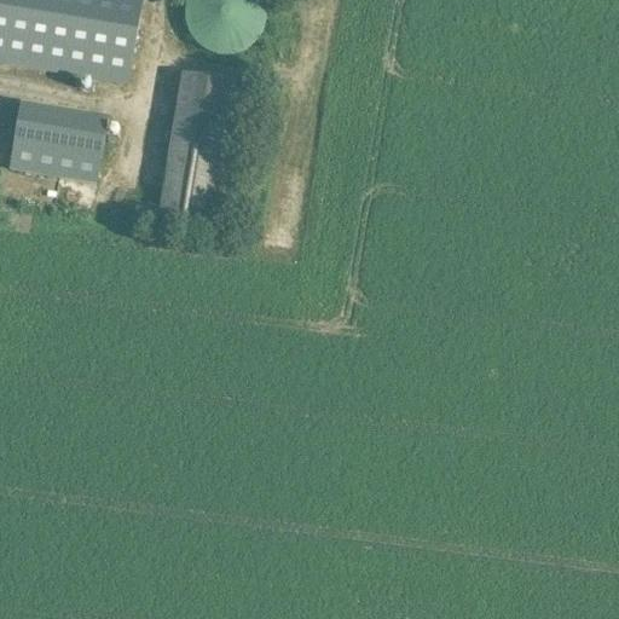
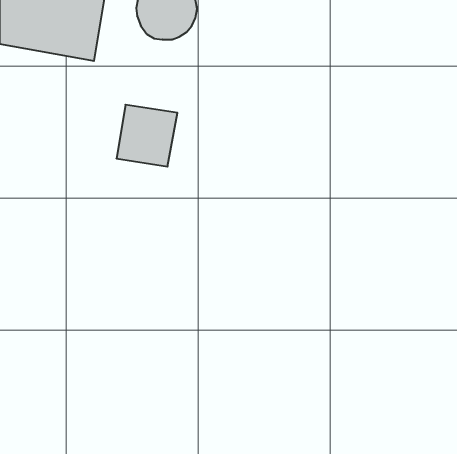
building: [169,71,250,152] -> none
building: [8,102,106,180] -> none

